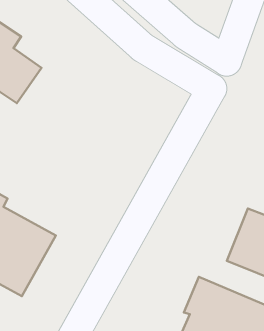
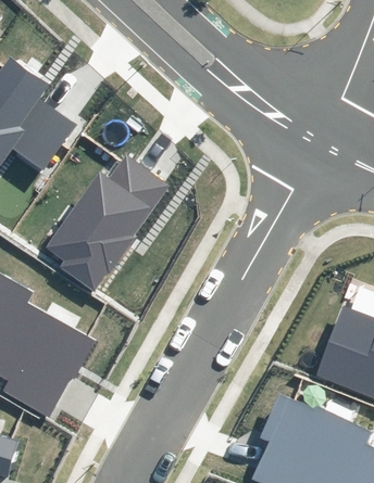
building: none -> [45,156,167,291]

